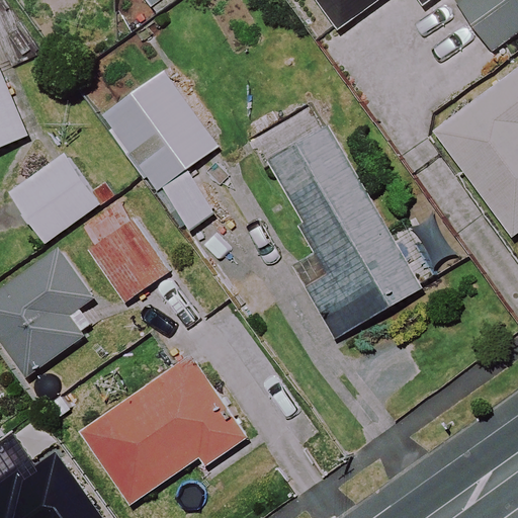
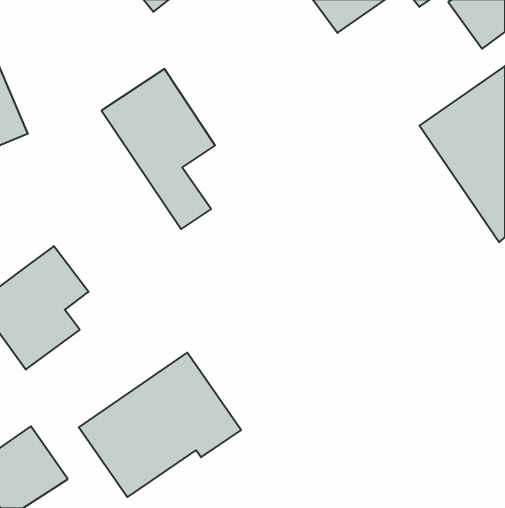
building: [269,121,420,336] -> none
building: [8,153,100,244] -> none
building: [78,203,168,300] -> none

